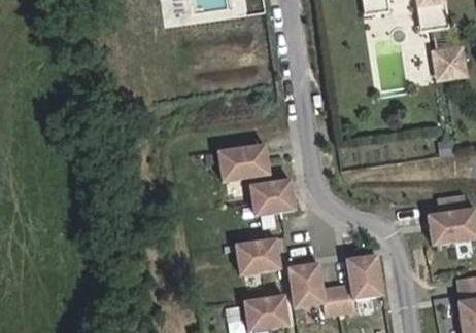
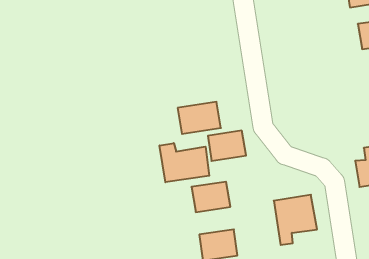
building: none -> [160,143,209,182]
building: [285,261,338,317] -> none

